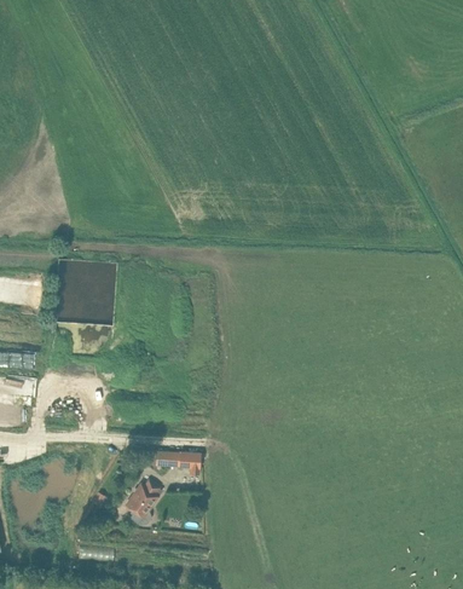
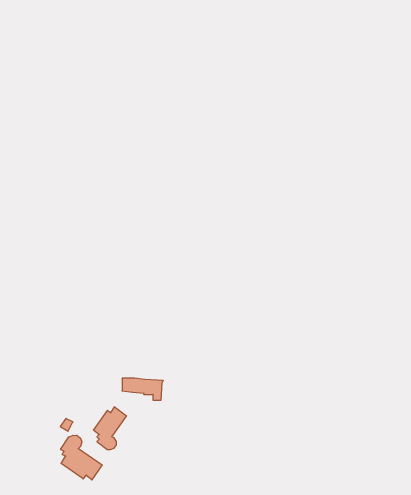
building: none -> [61,435,102,480]

